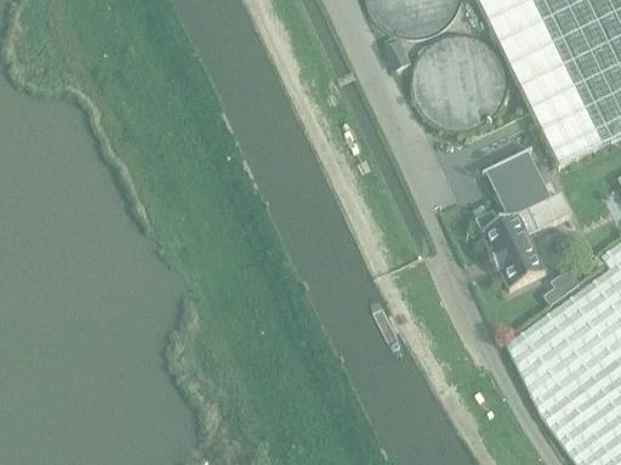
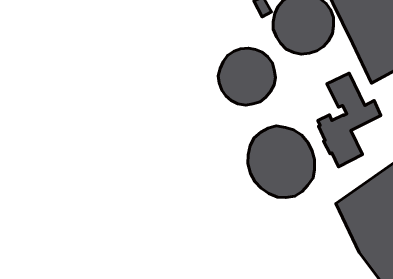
building: none -> [218,48,275,105]
building: none -> [248,126,315,198]

